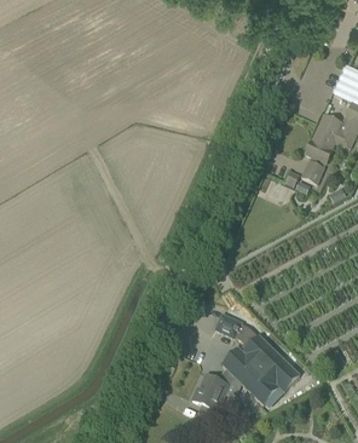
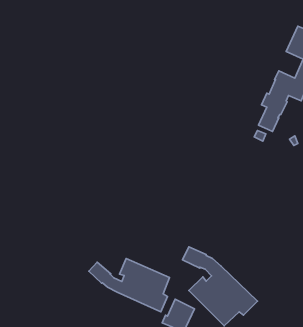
building: none -> [89,259,169,312]

